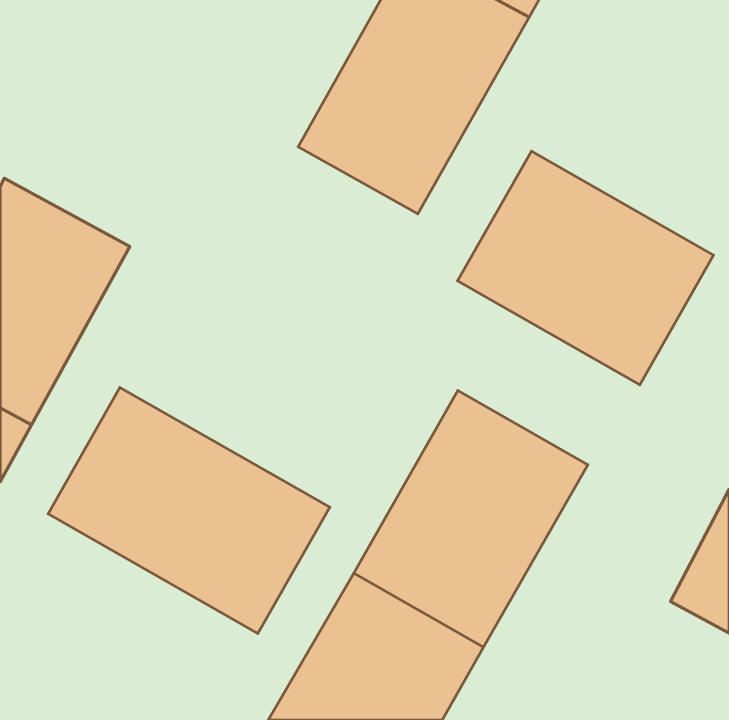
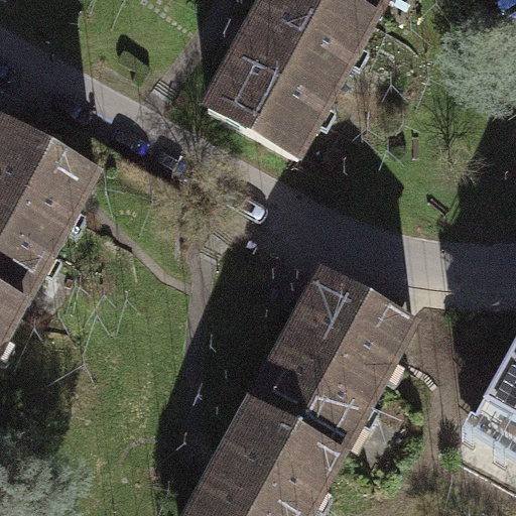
building: [458,151,714,385] -> none
building: [48,387,330,633] -> none

